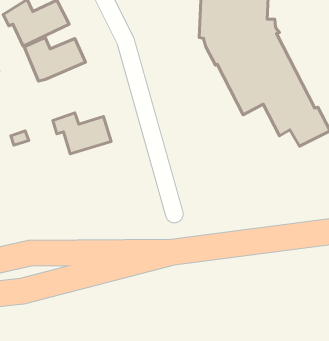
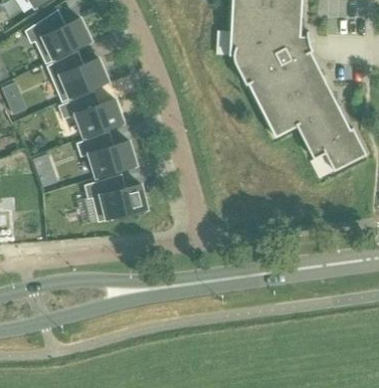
building: none -> [57,94,124,139]
building: none -> [83,177,148,222]

